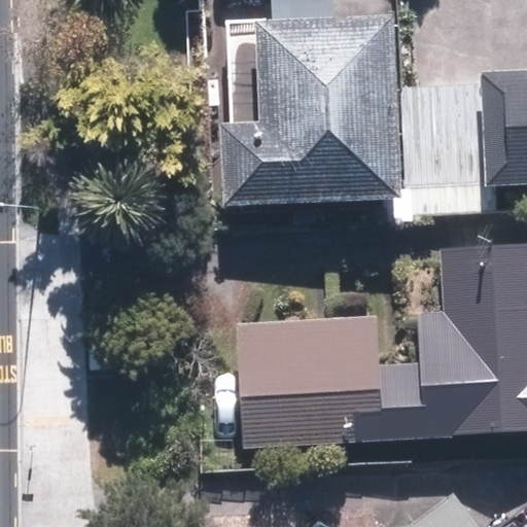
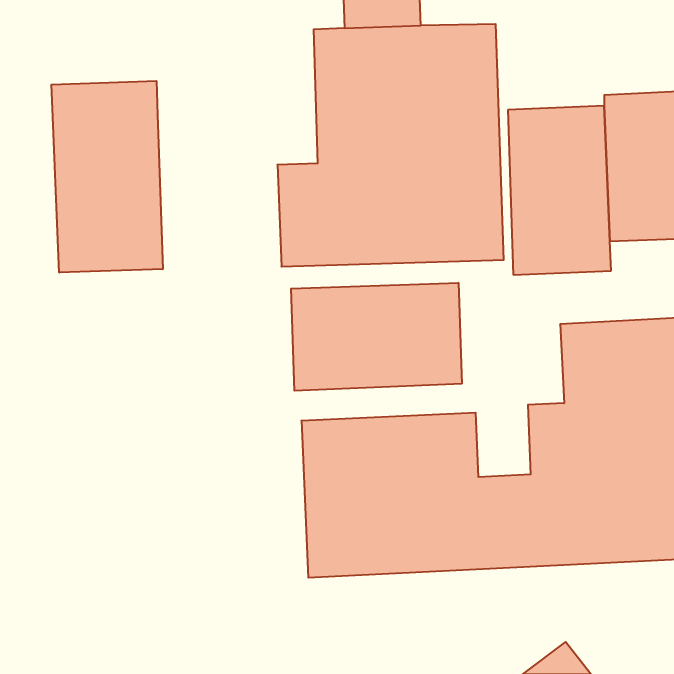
building: none -> [51,81,163,273]
building: none -> [291,283,462,391]

